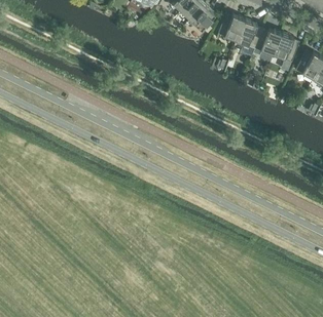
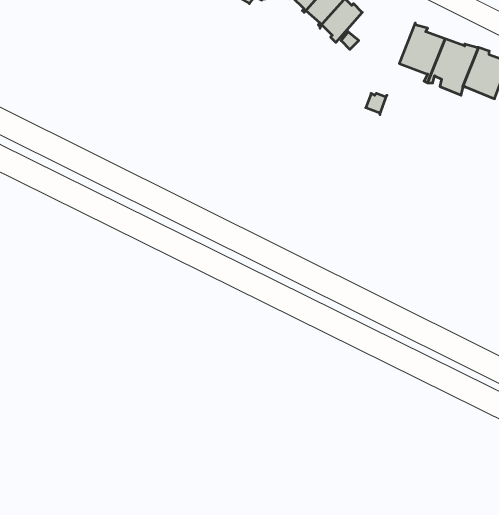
building: [216,13,245,42] -> none

